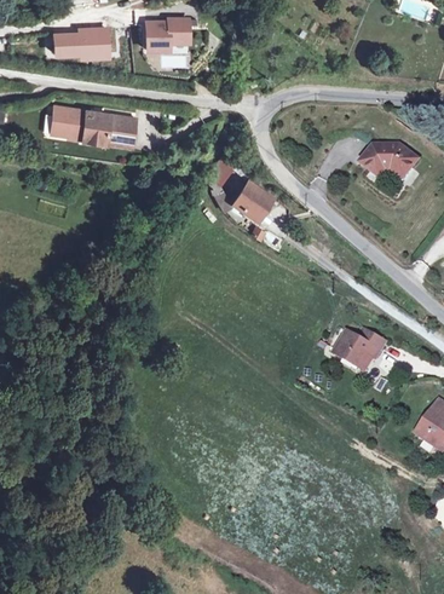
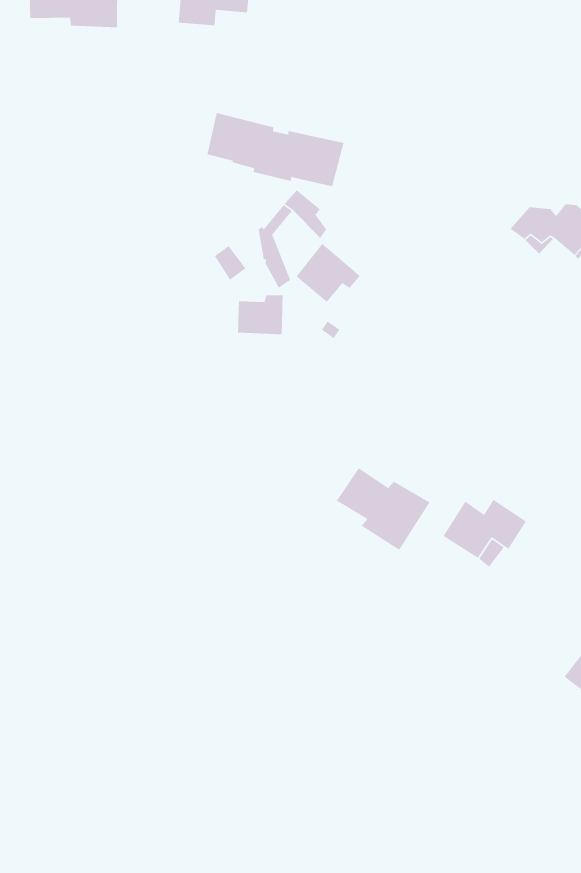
building: [52,105,135,145] -> [207,112,344,187]
building: none -> [237,294,283,335]
building: none -> [336,467,430,551]

